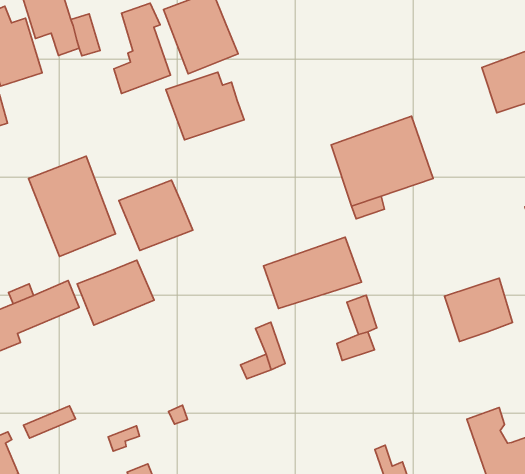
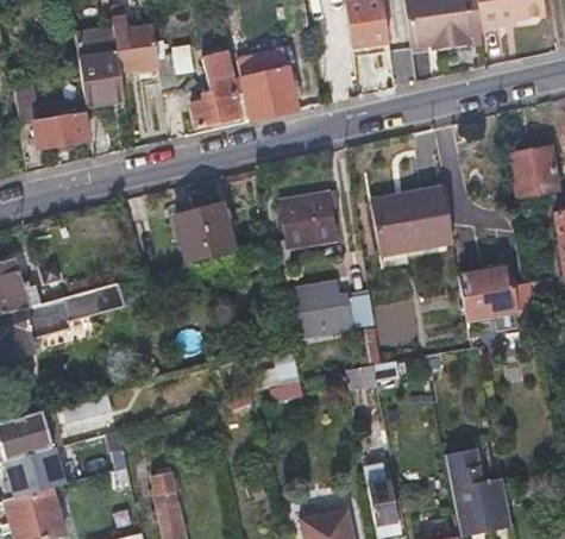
building: [166,72,244,140] -> [275,199,339,253]
building: [28,156,116,257] -> none
building: [77,260,154,325] -> none
building: [445,278,513,342] -> [458,270,514,320]

